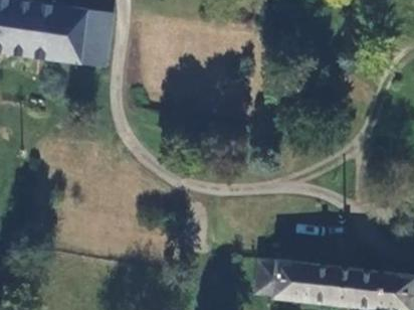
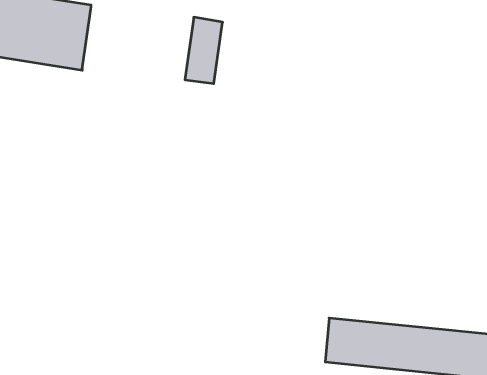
building: [81,12,112,65] -> [185,17,223,84]
building: [254,262,279,298] -> none

